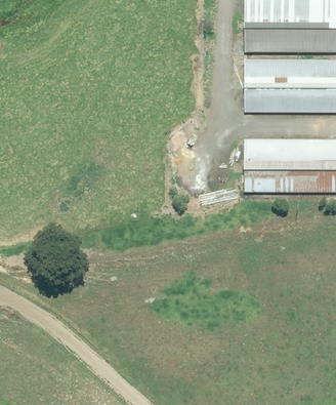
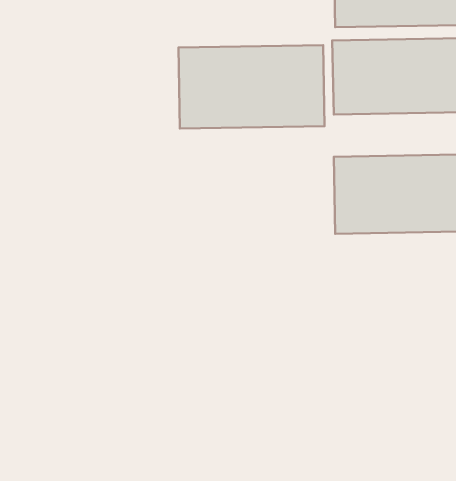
building: none -> [178,45,324,129]

